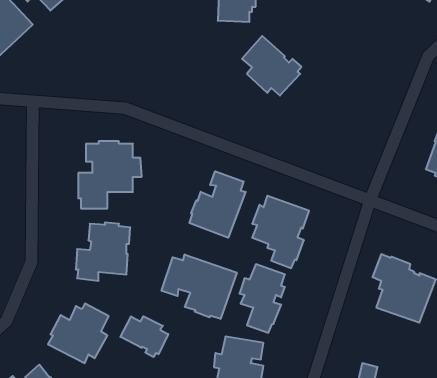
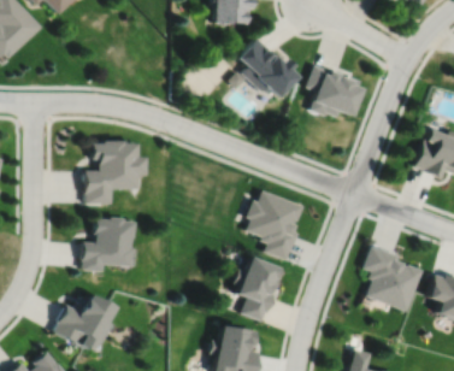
building: none -> [306,64,359,116]
building: [189,171,246,238] -> none
building: [162,254,237,319] -> none
building: [120,316,168,357] -> none

